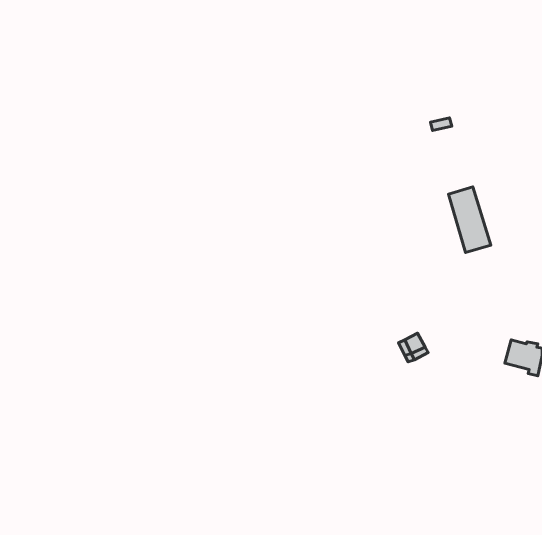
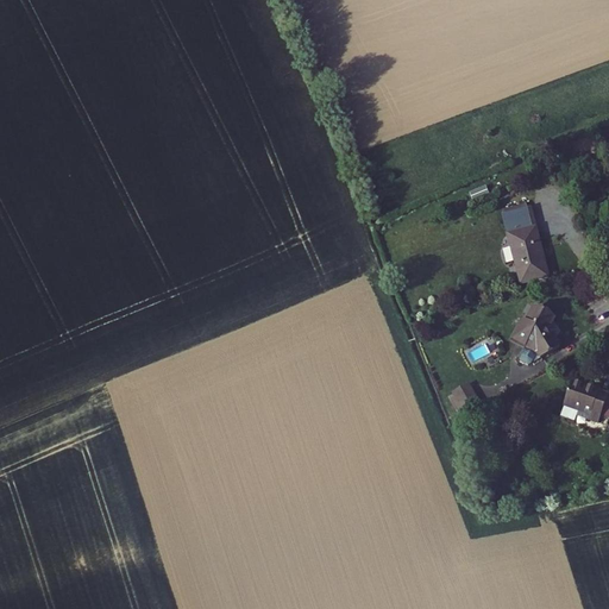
building: none -> [515,300,561,351]

